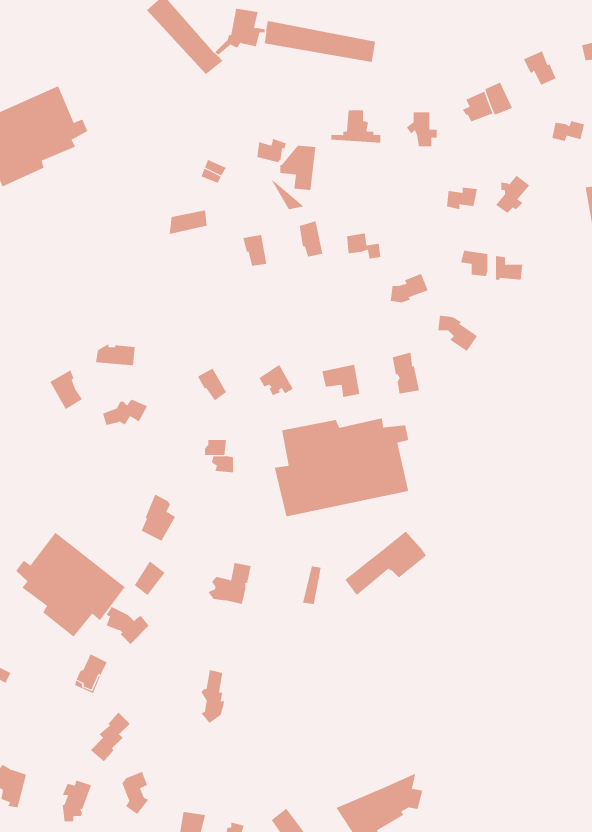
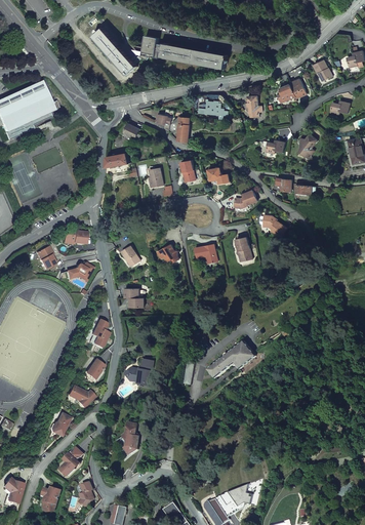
building: [274,417,409,517] -> none
building: [16,532,126,638] -> none

